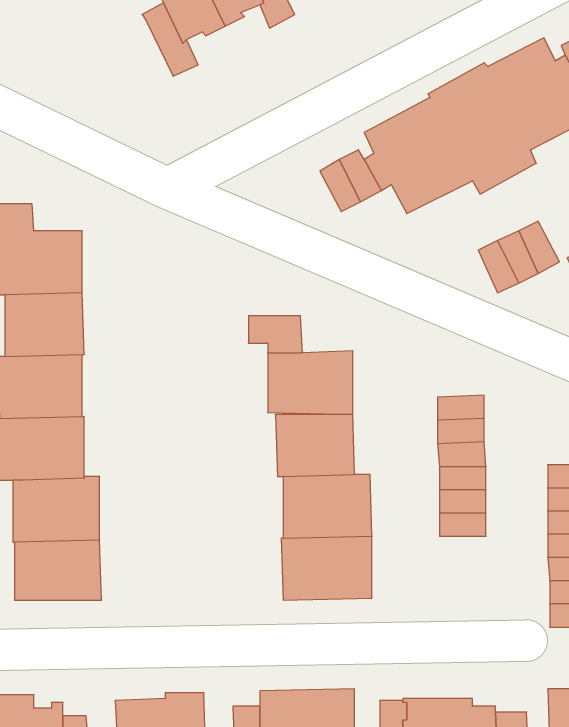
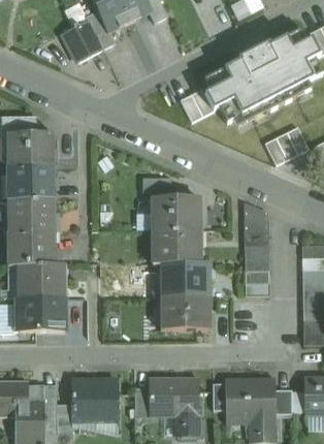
building: none -> [62,20,102,62]

